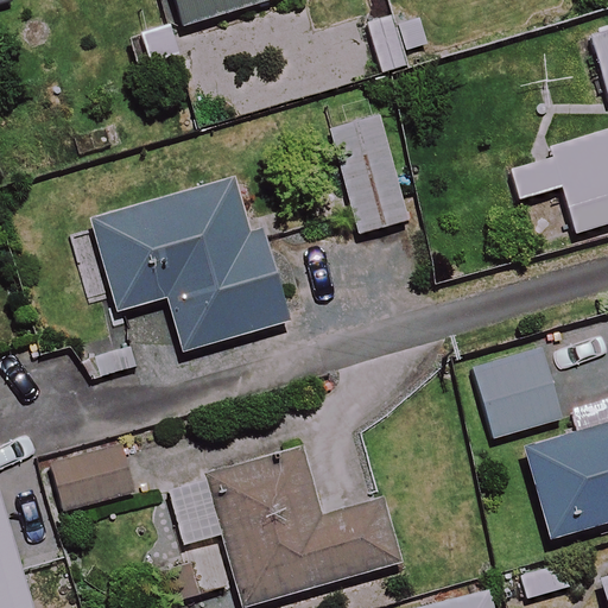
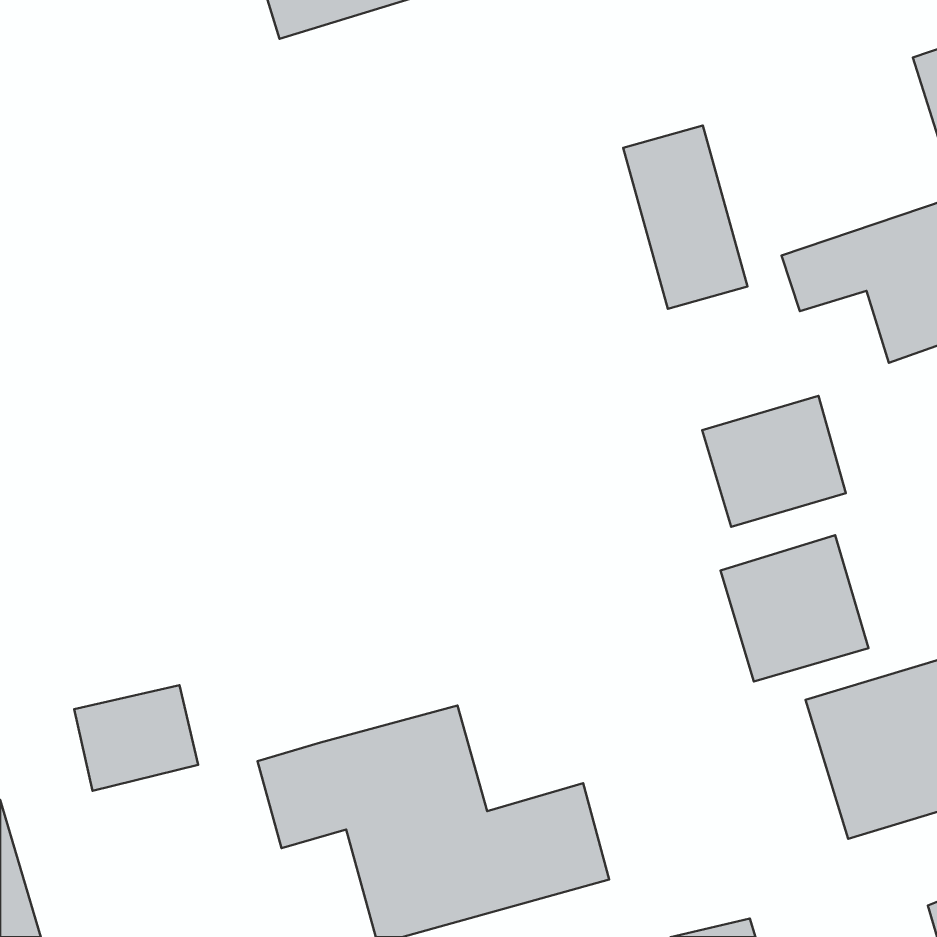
building: [330,115,410,233] -> [623,125,747,309]
building: [95,178,291,350] -> none
building: none -> [702,396,846,527]

